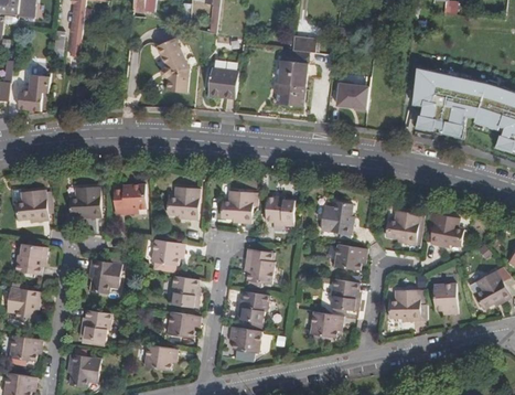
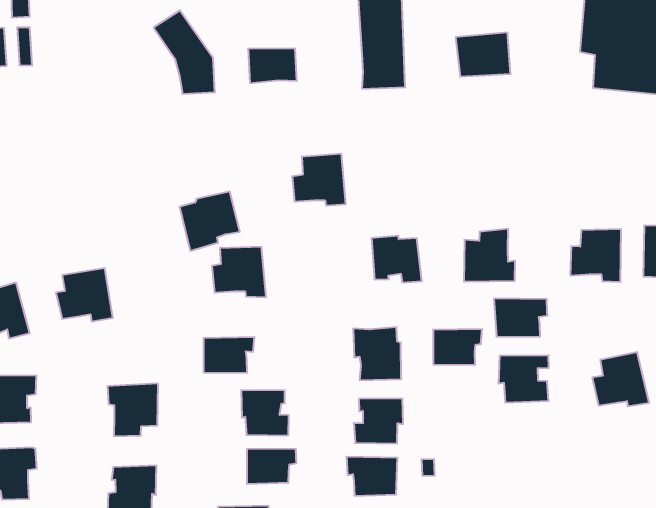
building: [112,183,147,215] -> [180,192,240,251]
building: [219,189,253,222] -> [292,154,346,206]
building: [310,312,343,338] -> [433,329,482,365]

